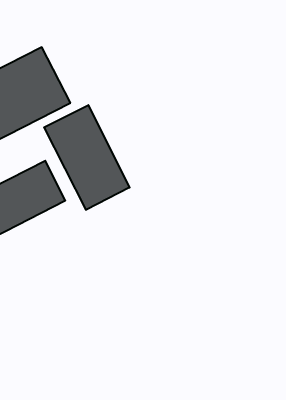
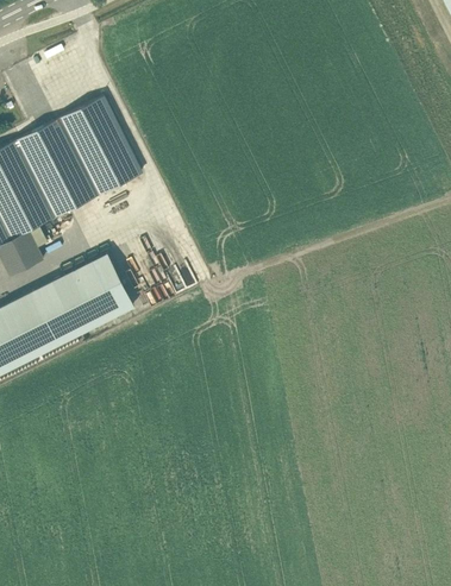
building: [44,105,130,210] -> none

